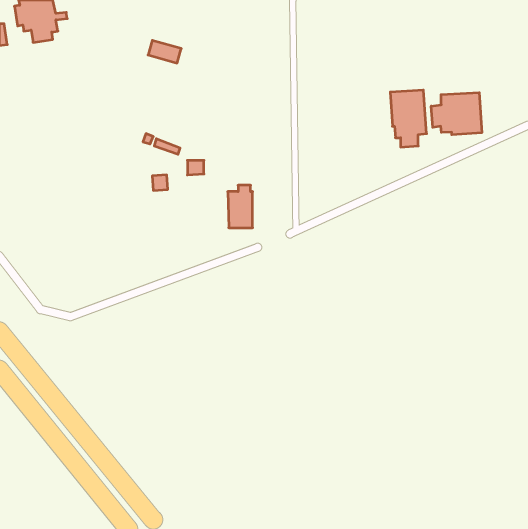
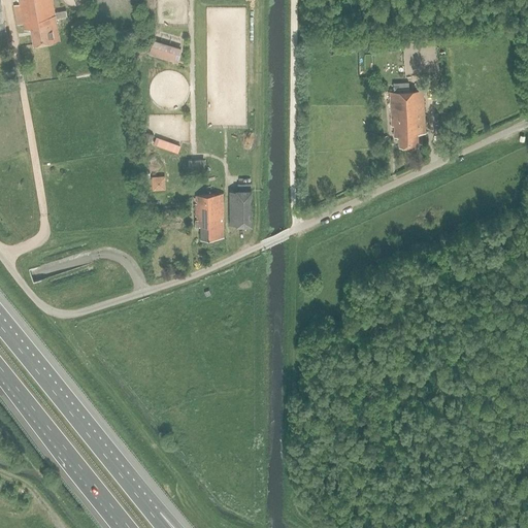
building: [431,93,482,135] -> none
building: none -> [193,195,222,239]

